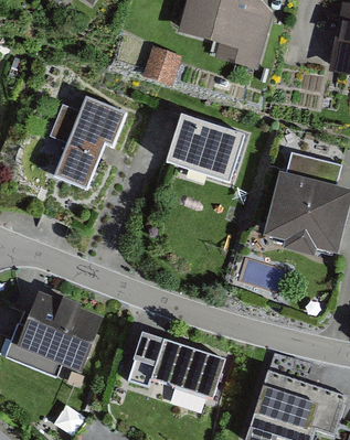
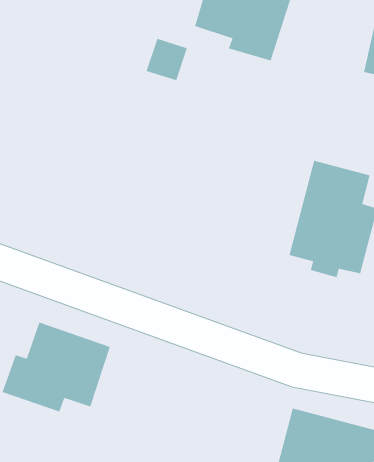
building: [53,98,130,189] -> none
building: [167,116,245,181] -> none
building: [136,335,227,399] -> none

